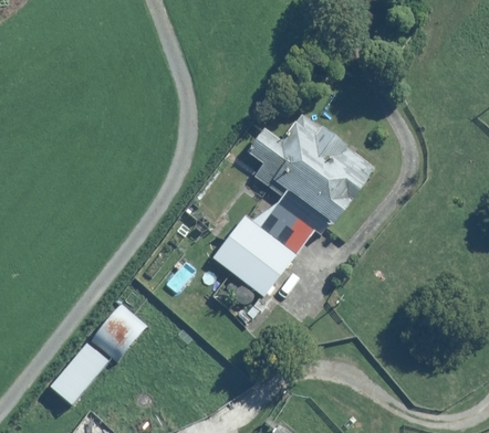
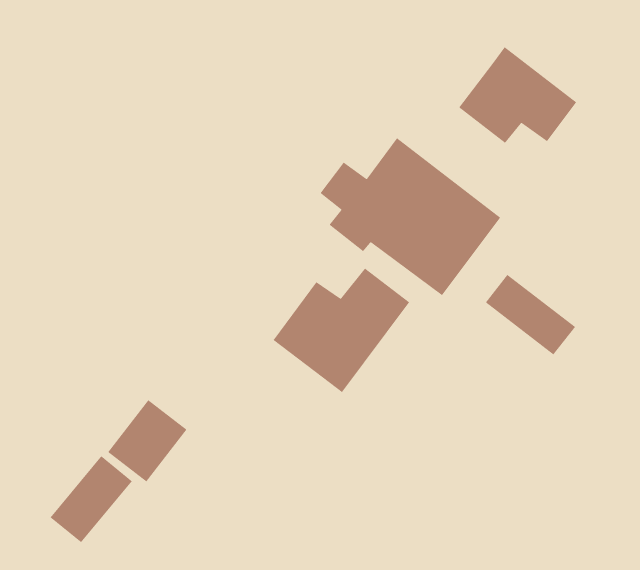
building: none -> [458,46,577,144]
building: none -> [485,274,576,355]

